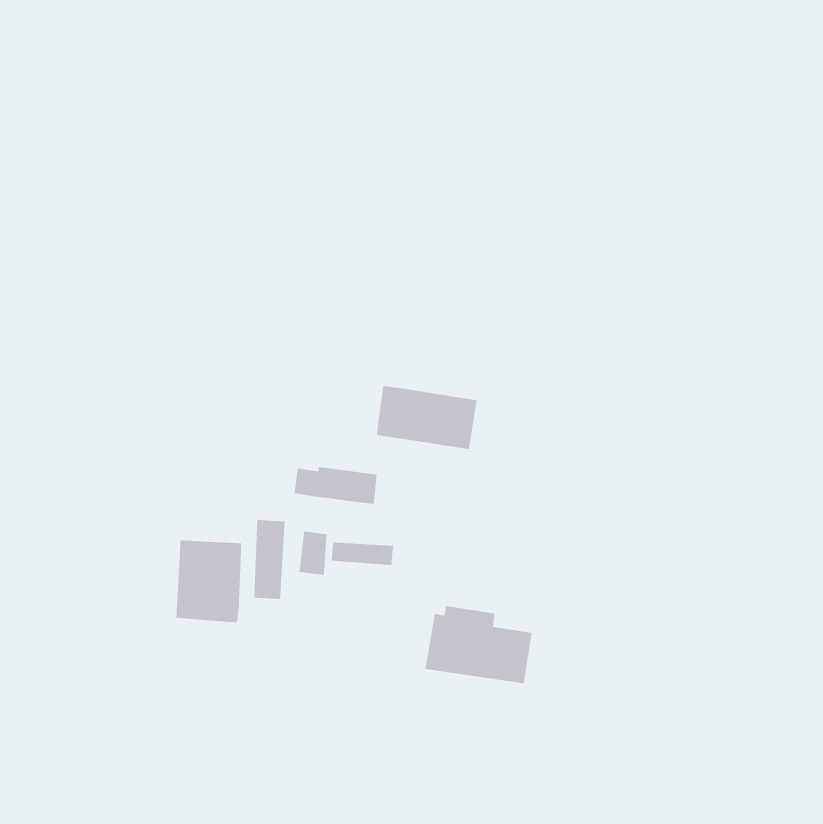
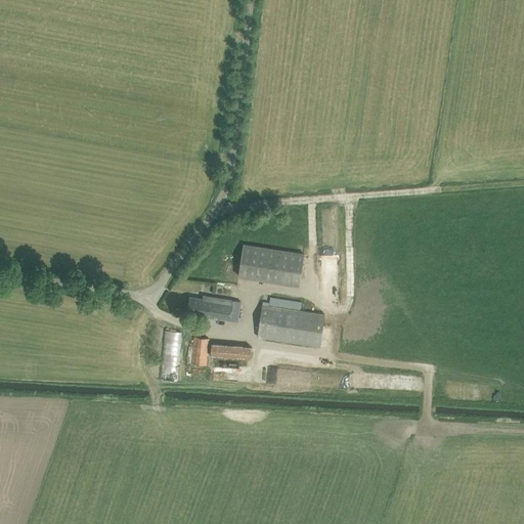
building: [176,540,242,623] -> none
building: [425,605,533,684] -> [256,297,324,347]

